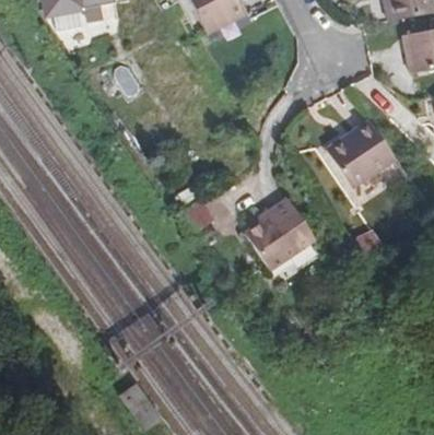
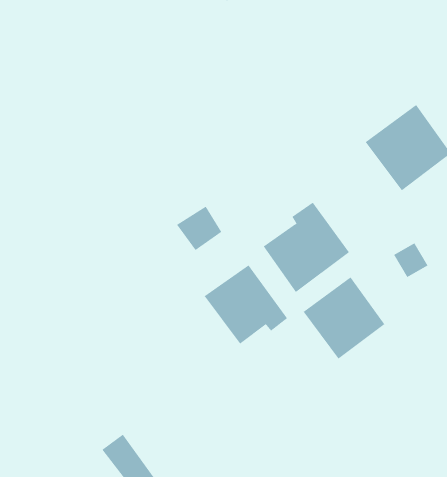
building: none -> [204,264,288,345]
building: none -> [303,277,385,360]

